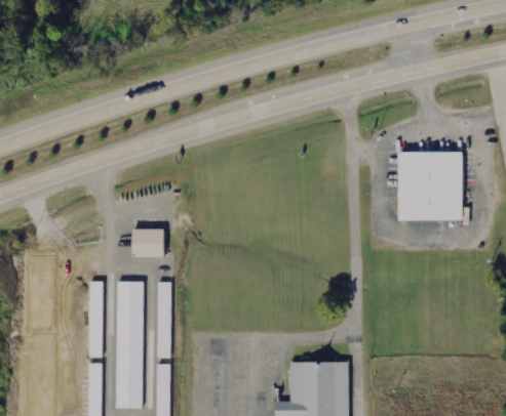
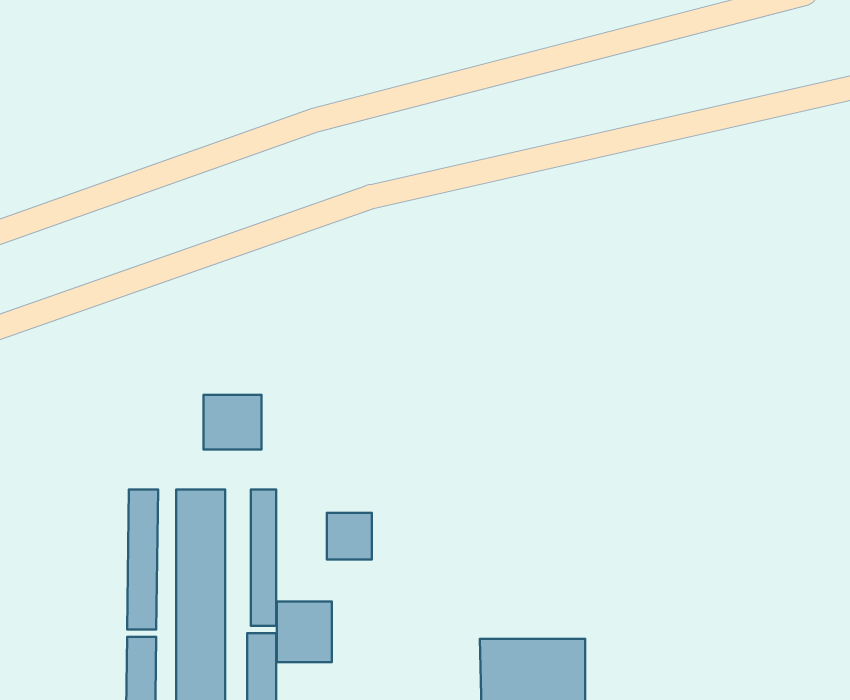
building: [397,152,462,221] -> none
building: none -> [327,513,372,559]
building: none -> [277,601,332,662]

